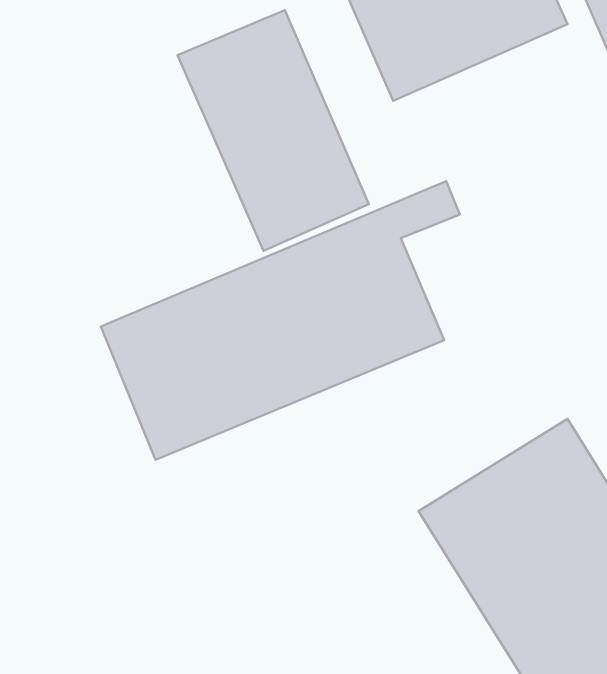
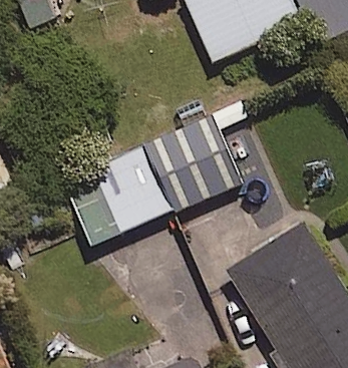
building: [178,10,369,251] -> none

